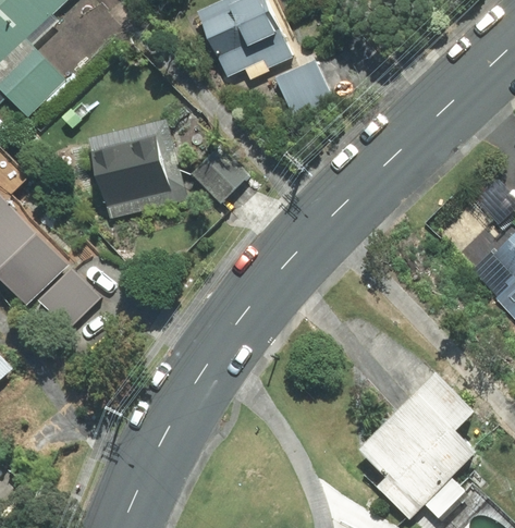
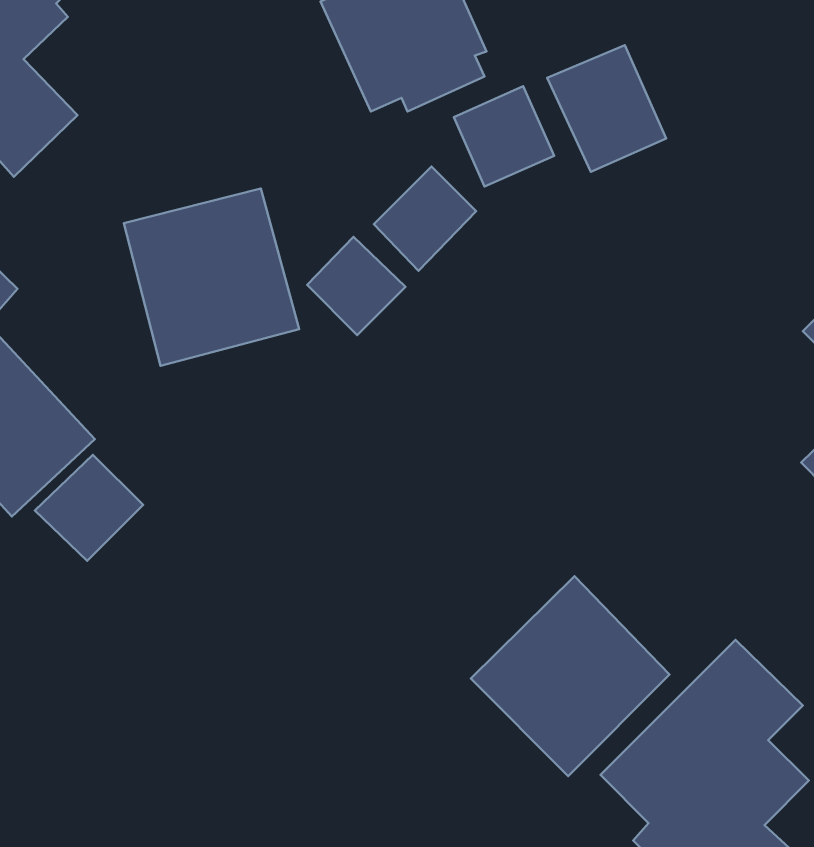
building: none -> [547,45,666,172]
building: none -> [374,166,476,271]
building: none -> [471,576,669,776]

